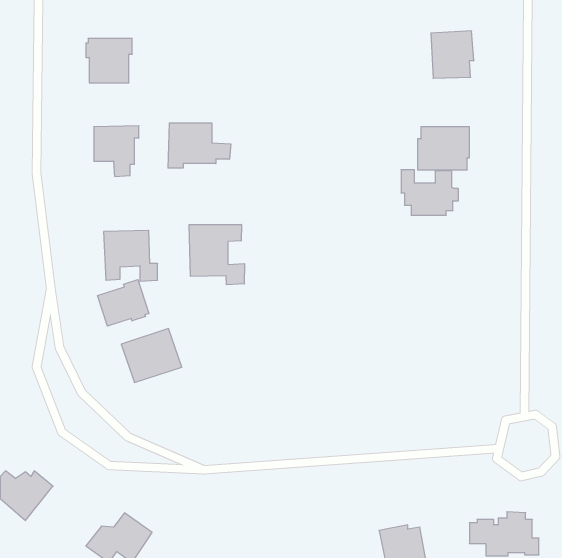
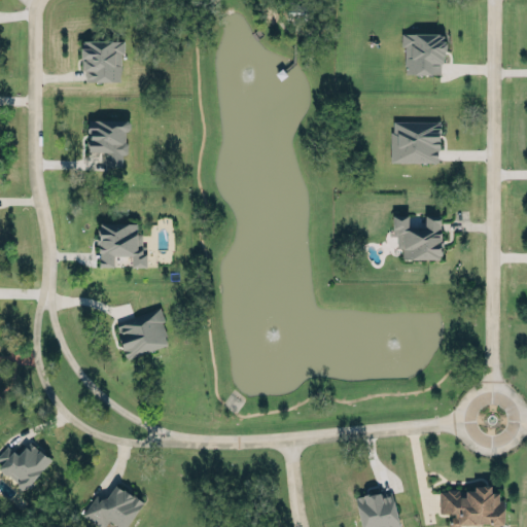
building: [168,123,231,168] -> none
building: [401,170,458,215] -> [394,216,448,258]
building: [189,224,245,285] -> none
building: [98,280,149,326] -> none

